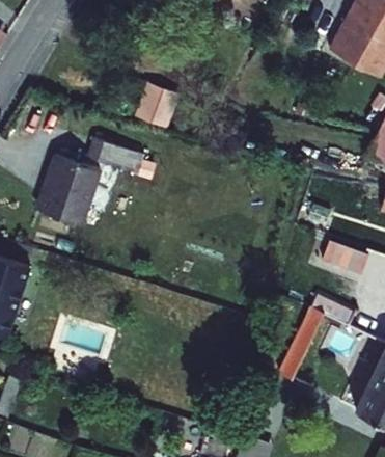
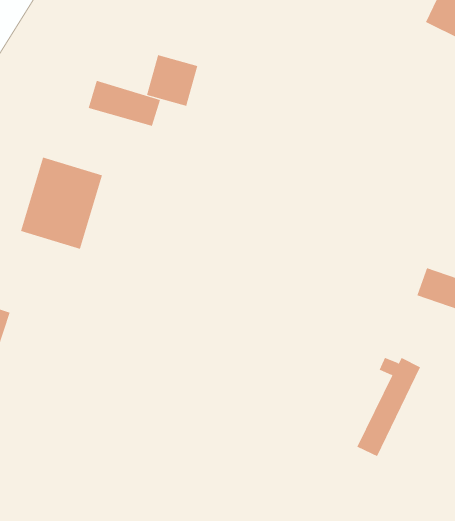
building: [82,138,136,172] -> [88,80,161,127]

